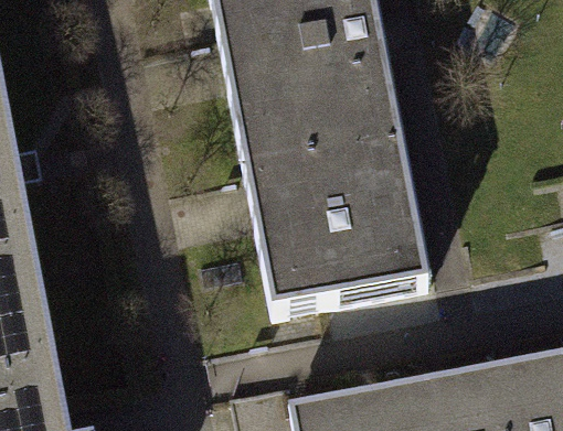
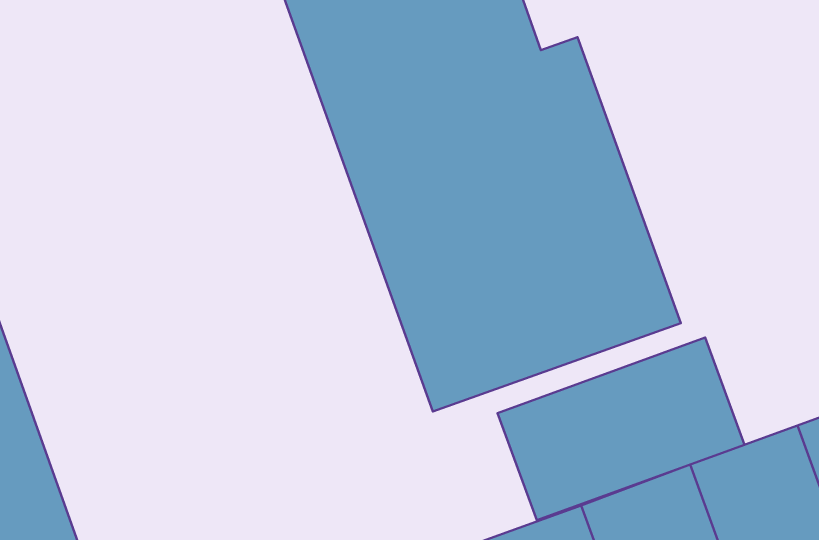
building: none -> [498,338,744,520]

